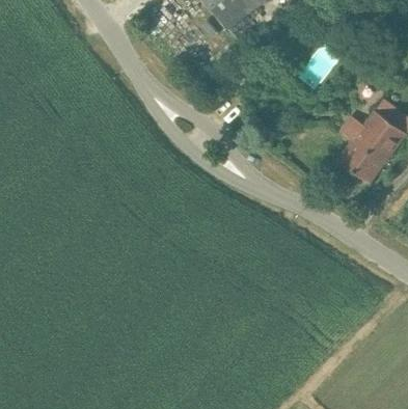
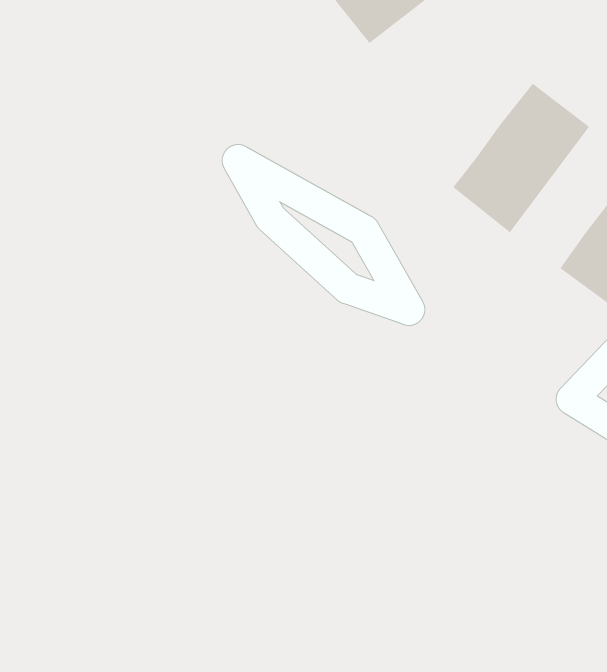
building: none -> [453,83,590,233]

